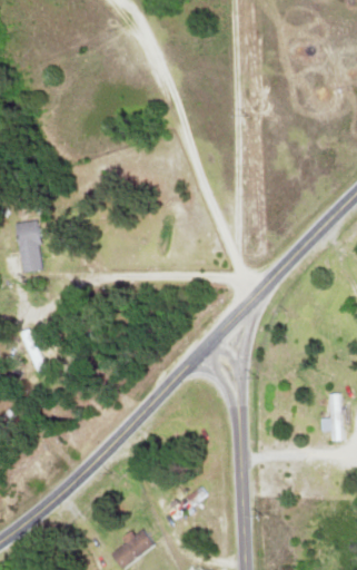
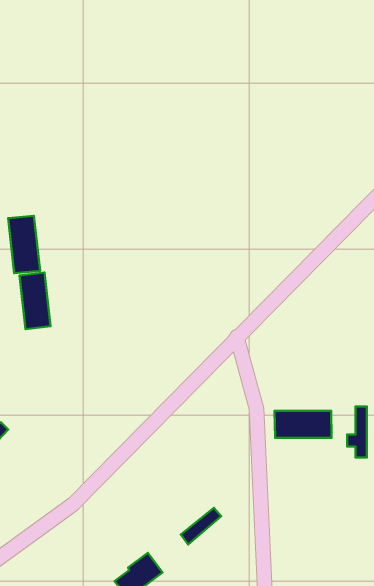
building: none -> [19,272,50,329]
building: none -> [275,411,331,438]

